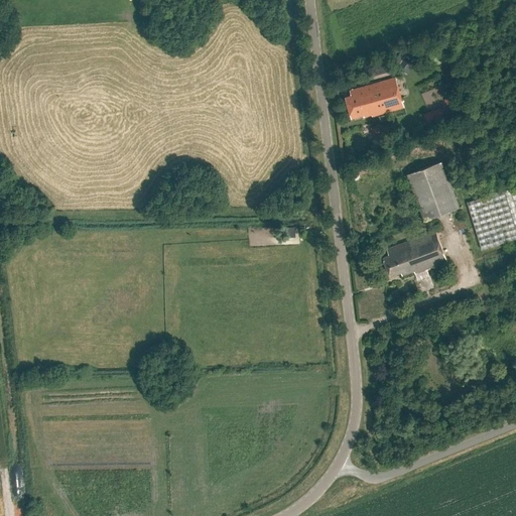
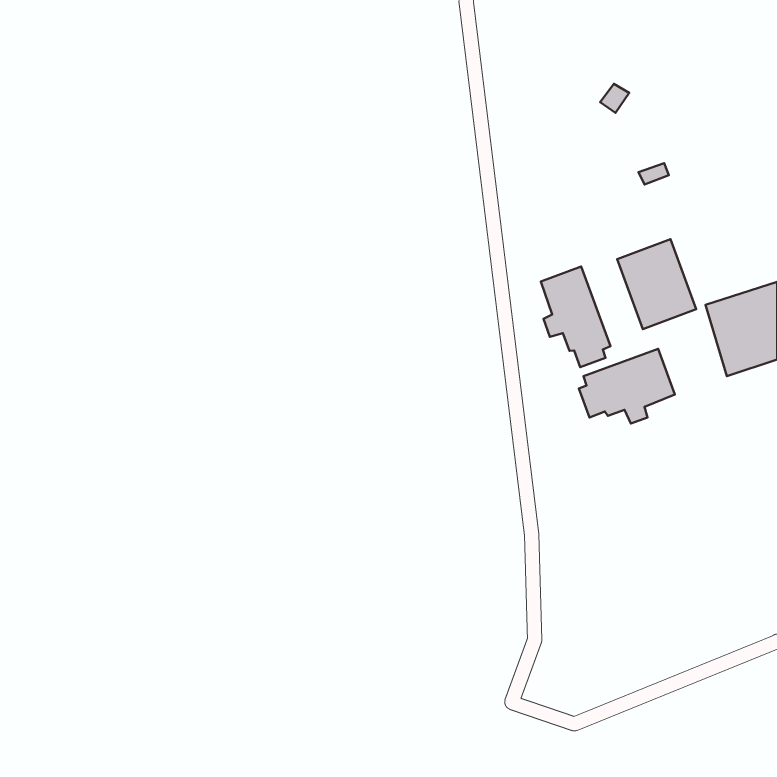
building: [345,79,403,120] -> none
building: none -> [541,267,611,367]

